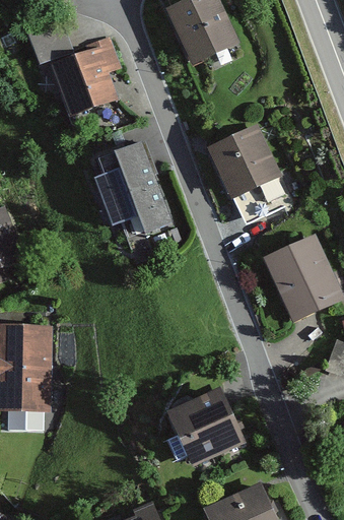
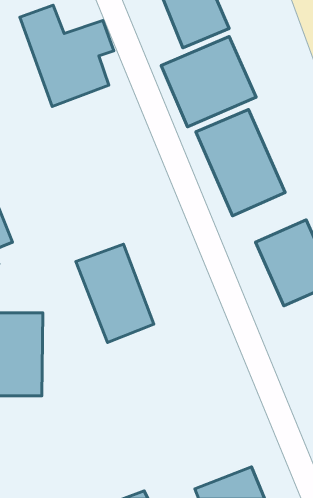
building: none -> [161,36,256,127]
building: [92,140,170,239] -> [76,244,154,342]
building: [166,384,246,464] -> none

